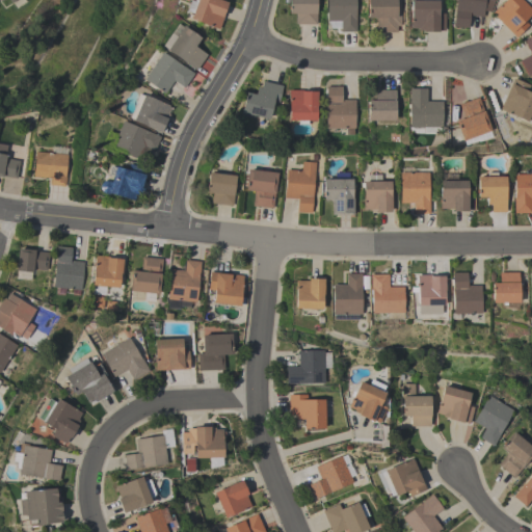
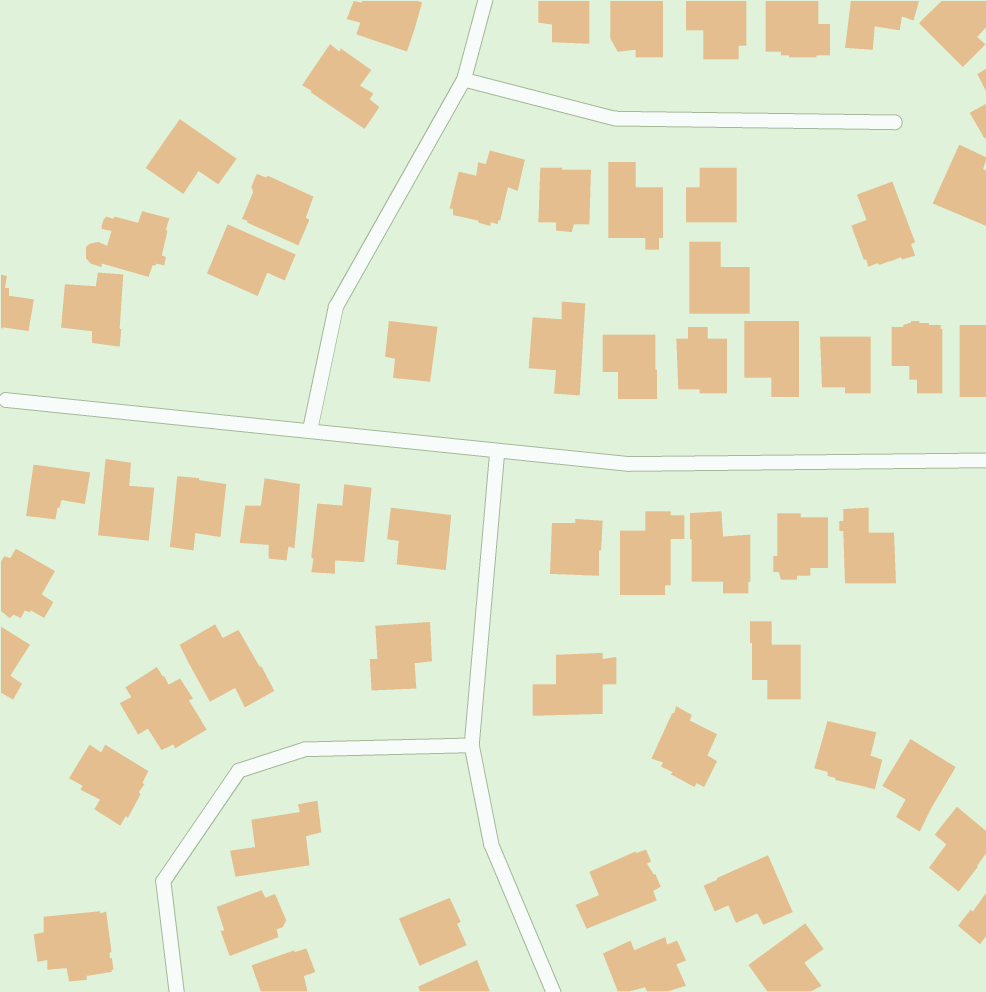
building: [147,51,196,92] -> [145,118,238,195]
building: [411,87,445,127] -> [689,241,751,315]
building: [102,163,148,200] -> [85,210,171,278]
building: [247,168,278,208] -> none
building: [494,271,521,302] -> none
building: [156,338,191,370] -> none
building: [404,383,432,426] -> [749,621,801,700]
building: [291,394,326,428] -> none
building: [184,427,225,468] -> none
building: [12,442,63,480] -> none

